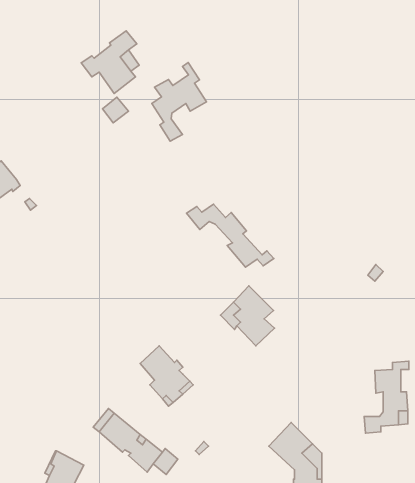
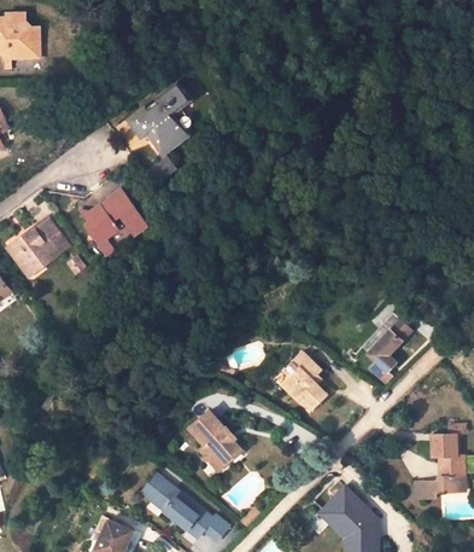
building: [152,62,207,141] -> none
building: none -> [81,190,148,240]
building: [187,204,274,267] -> none
building: none -> [369,319,411,383]

